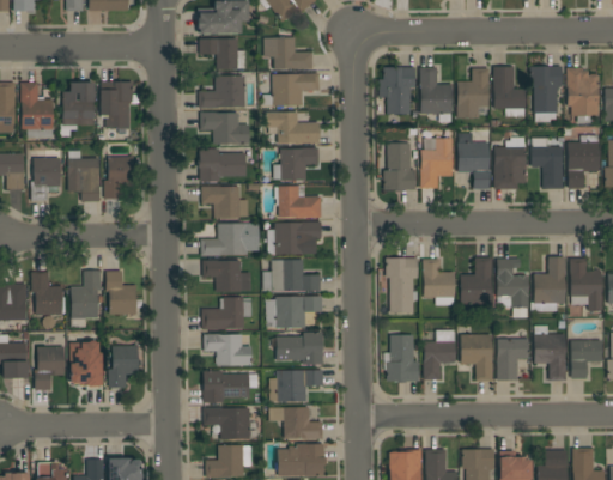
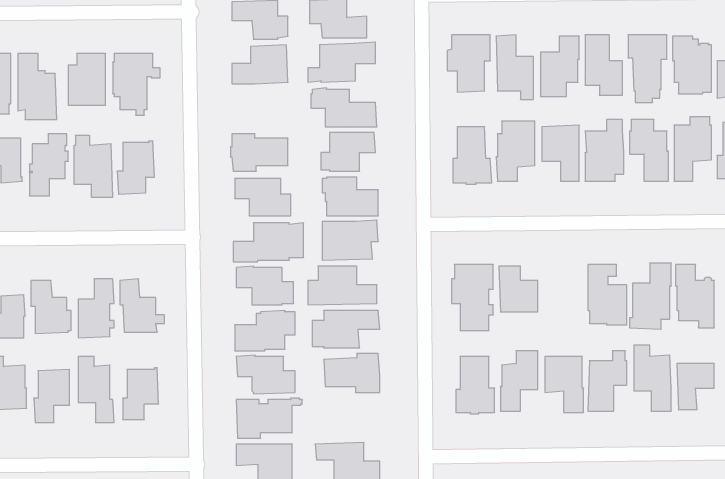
building: [201,113,250,145] -> none
building: [461,257,493,304] -> none
building: [271,371,323,402] -> none

